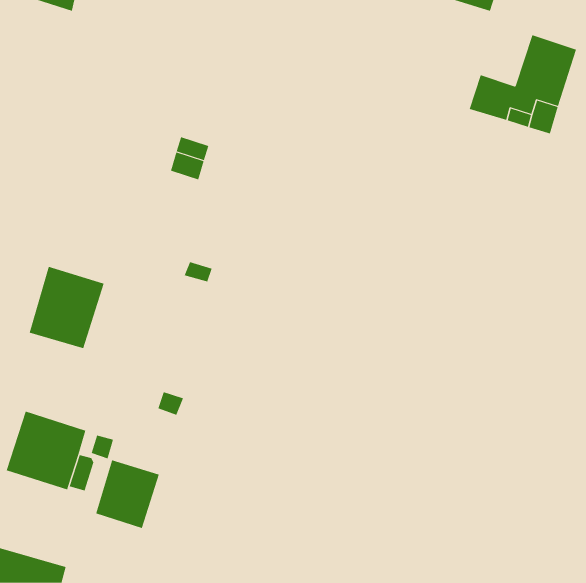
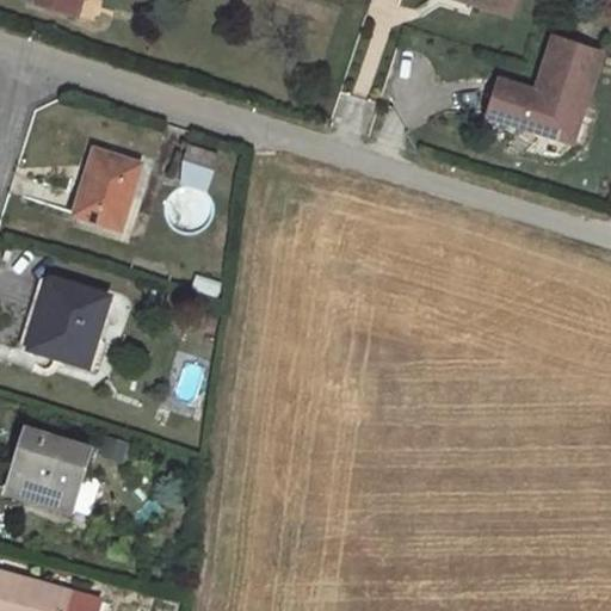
building: none -> [74,148,138,226]
building: [96,459,160,529] -> none

